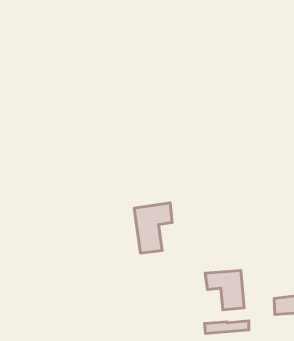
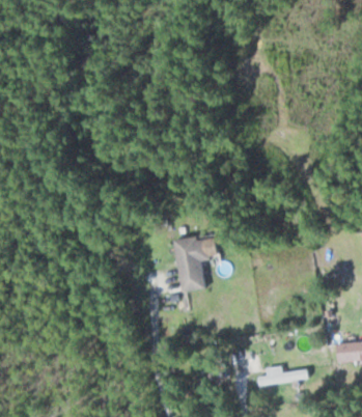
building: [205,271,244,310] -> none

